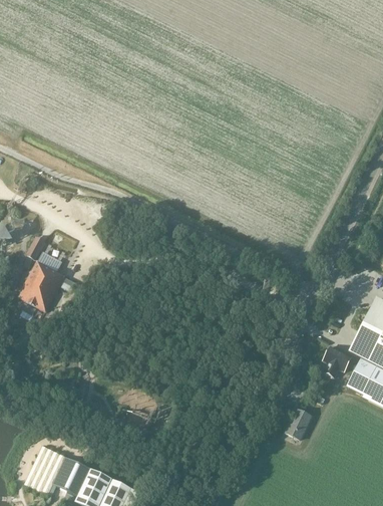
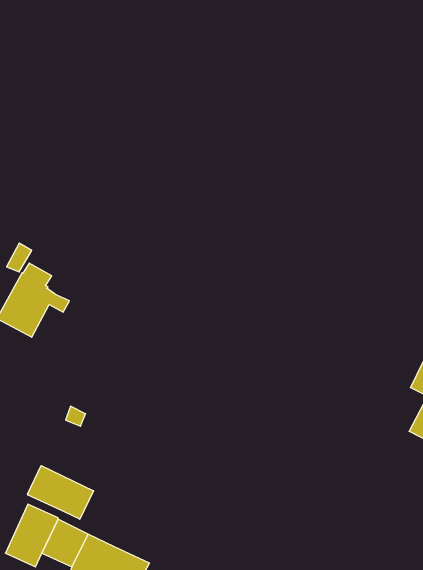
building: [323,346,351,377] -> none
building: [286,409,312,440] -> none
building: none -> [27,466,94,519]

